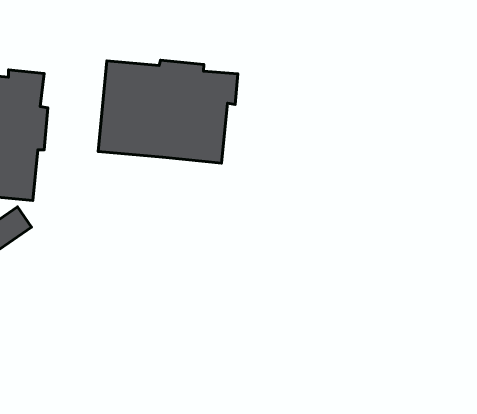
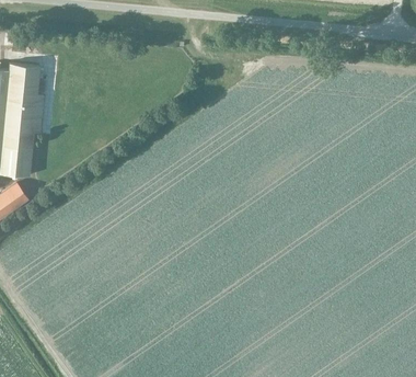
building: [98,60,238,163] -> none

